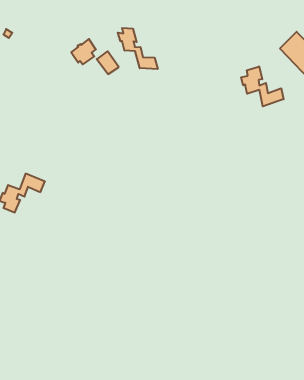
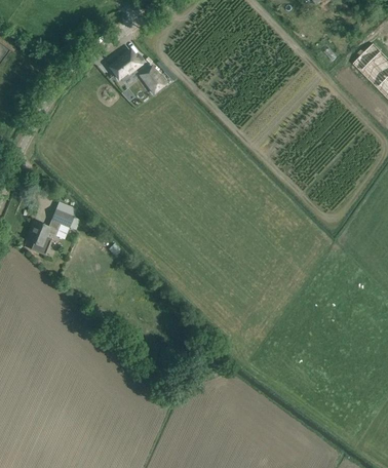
building: [118,28,158,69] -> none
building: [241,66,284,106] -> none

